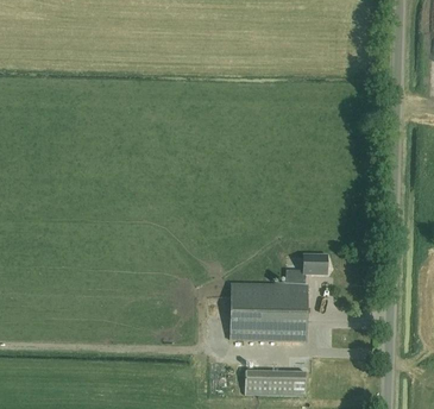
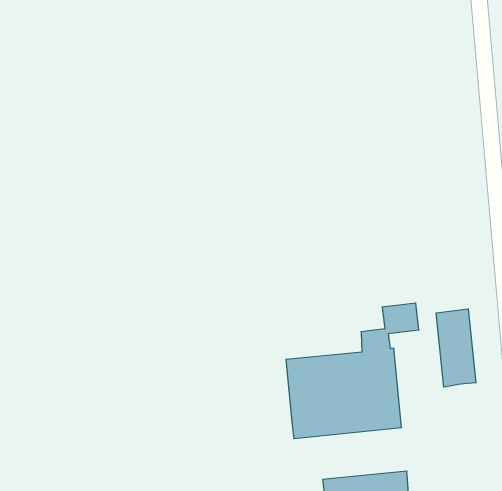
building: none -> [436,309,476,387]

